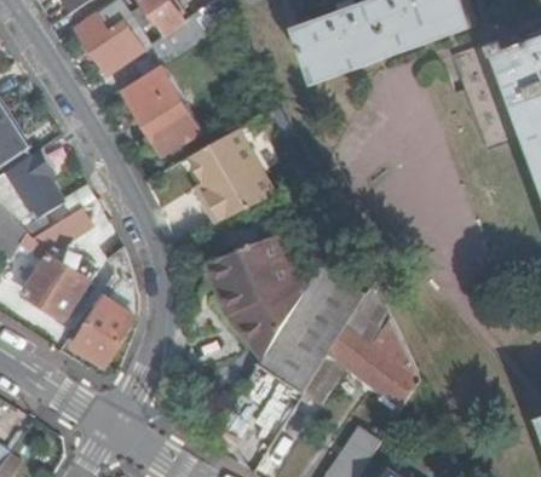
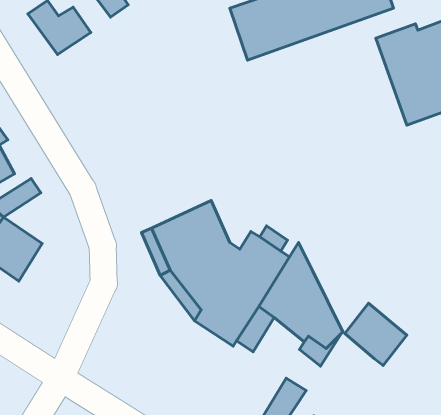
building: [122,63,200,154] -> none
building: [195,131,275,220] -> none
building: [70,247,132,366] -> none
building: none -> [345,303,407,366]

